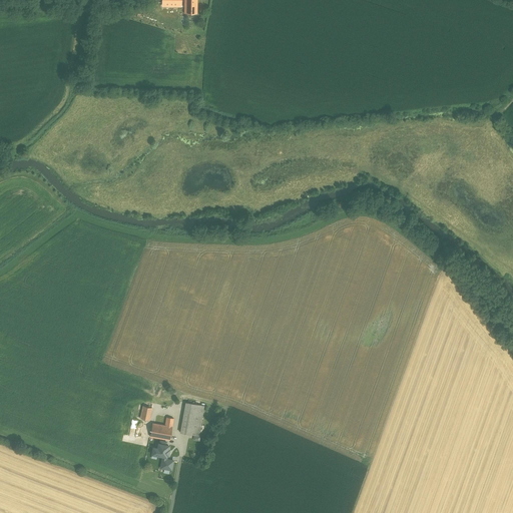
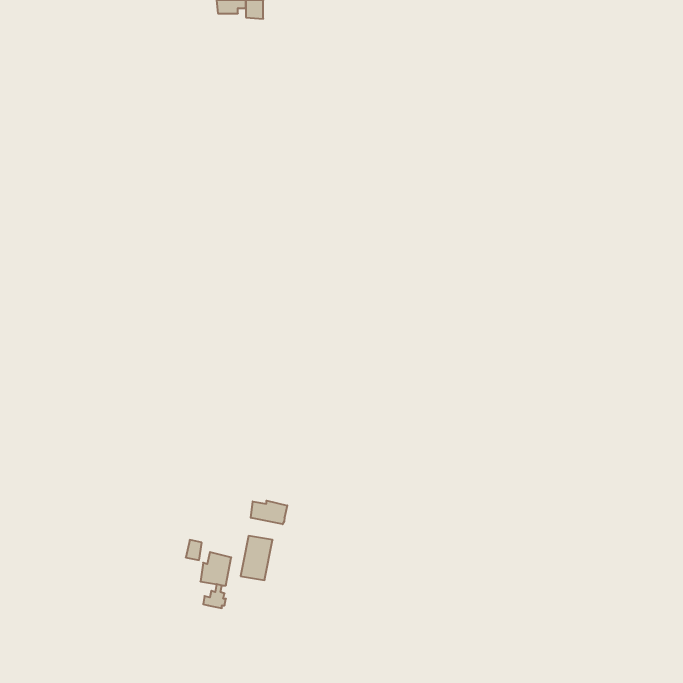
building: none -> [251,501,287,524]

